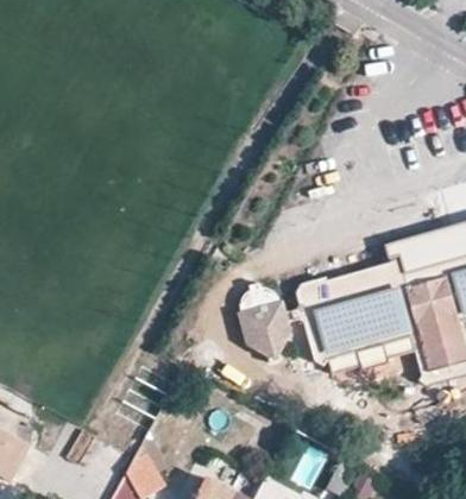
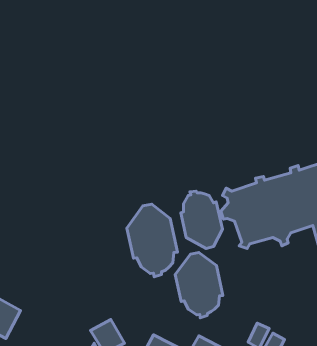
building: none -> [127,204,177,277]
building: none -> [175,253,223,318]

